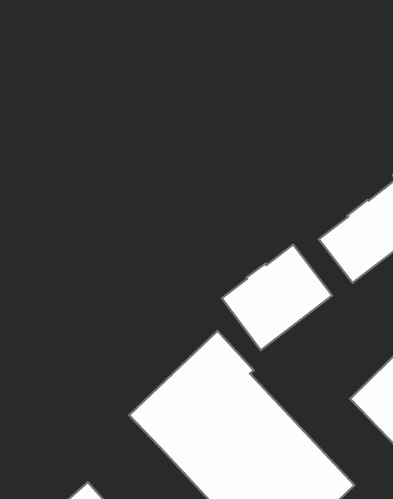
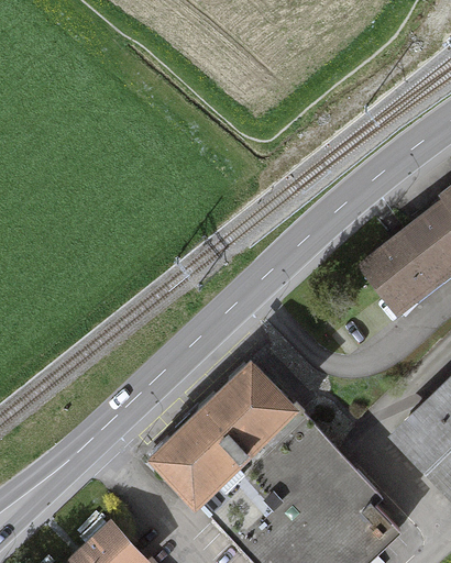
building: [222,244,332,350] -> none

